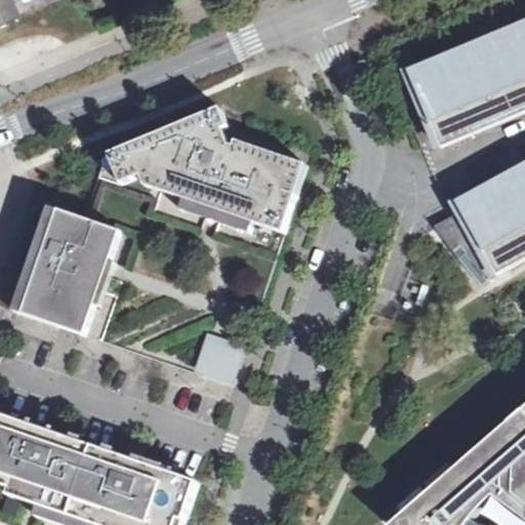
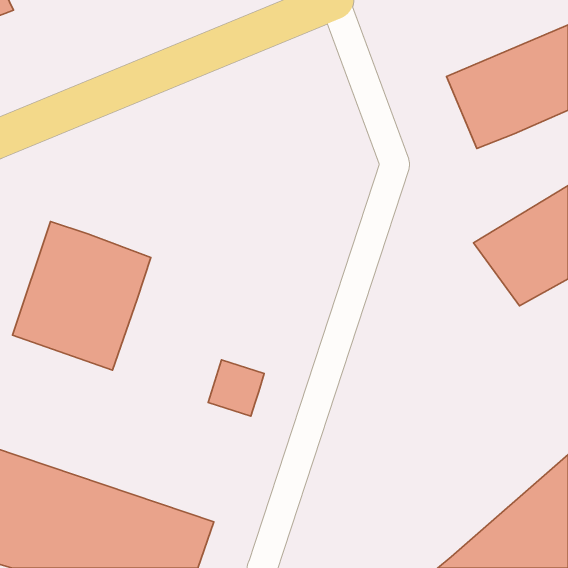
building: [93,105,304,252] -> none

